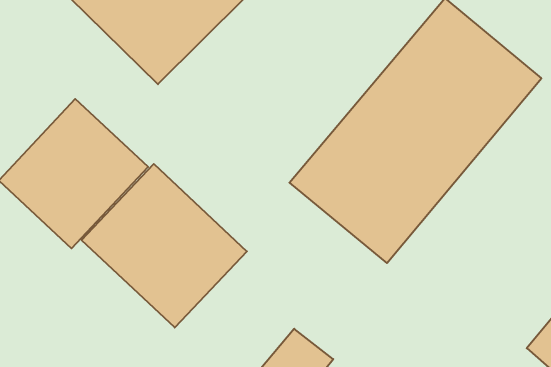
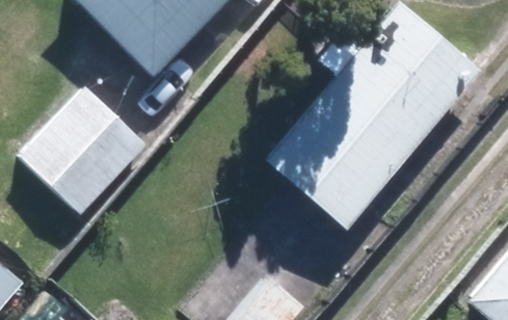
building: [82,164,247,328] -> none

